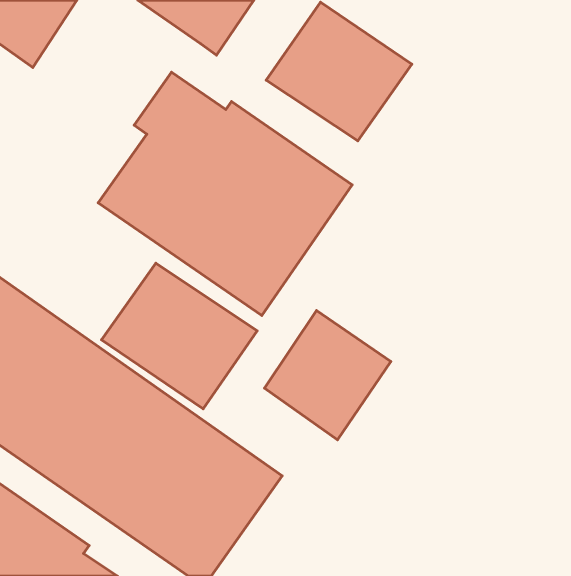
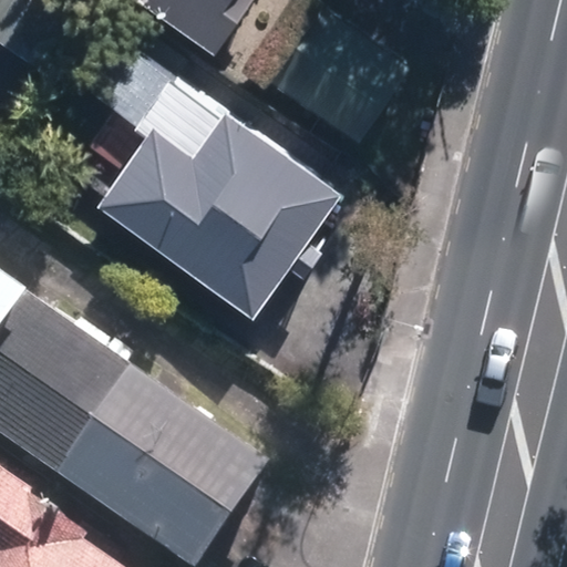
building: [102,263,257,409] -> none
building: [265,310,391,440] -> none

